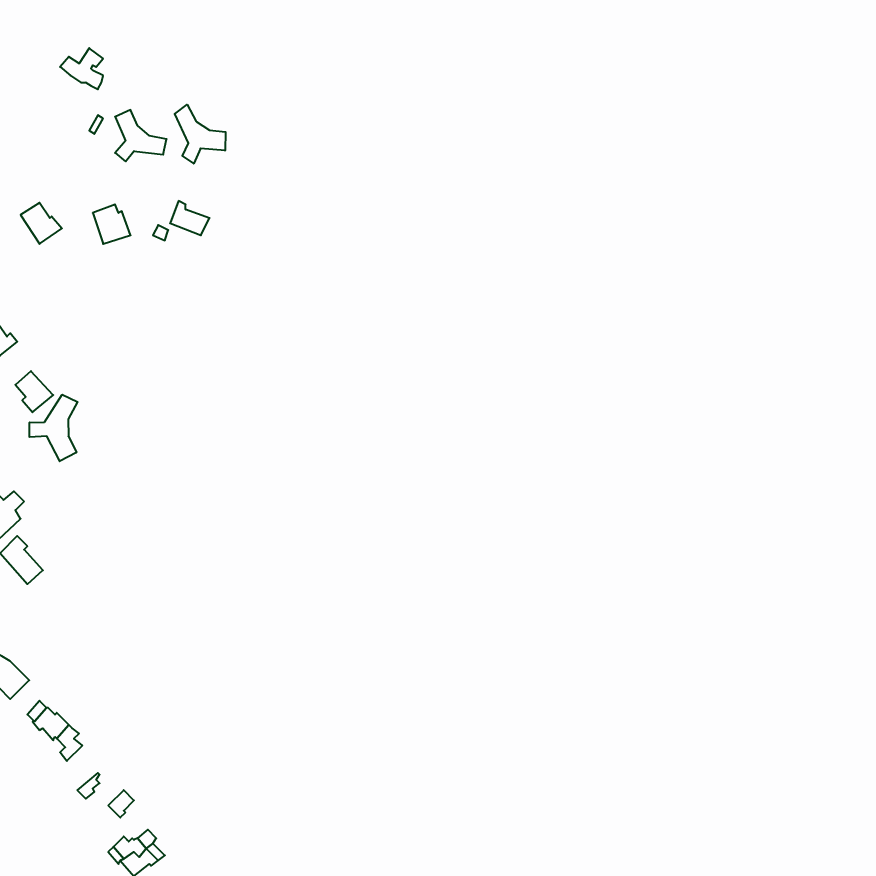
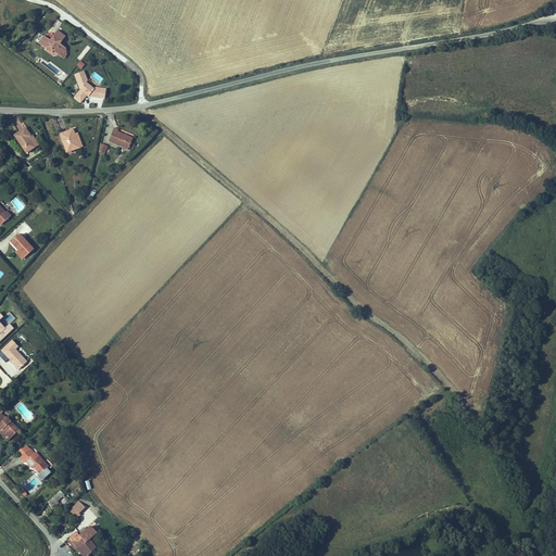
building: [175,105,226,164] -> none
building: [29,395,78,461] -> none

